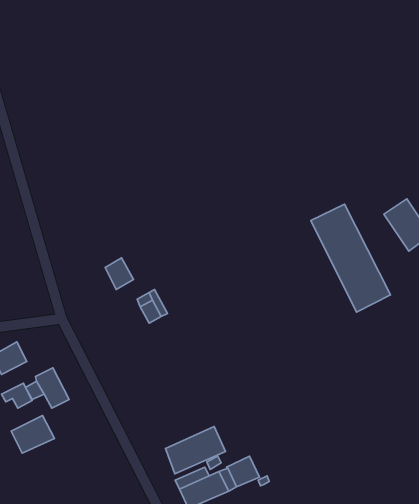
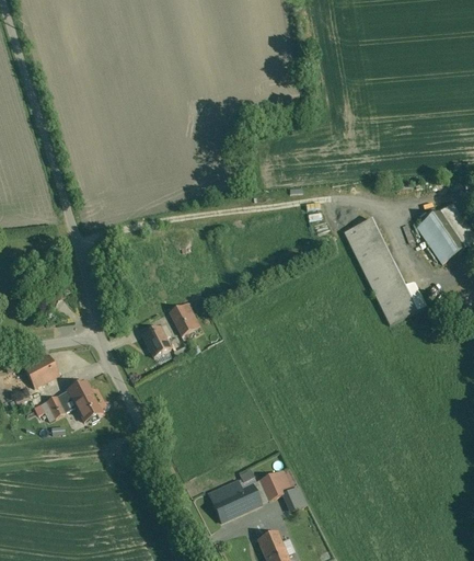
building: [105,258,133,289] -> [142,325,171,357]
building: [11,416,54,453] -> none
building: [165,427,226,474] -> none

